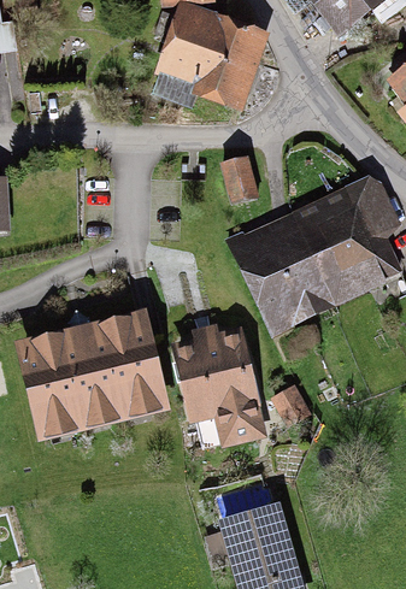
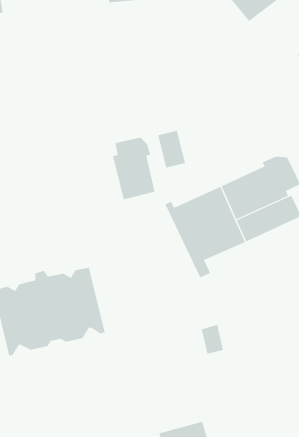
building: [155,6,261,106] -> none
building: none -> [113,137,155,200]
building: [180,330,261,444] -> none

